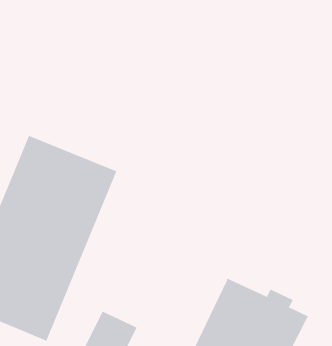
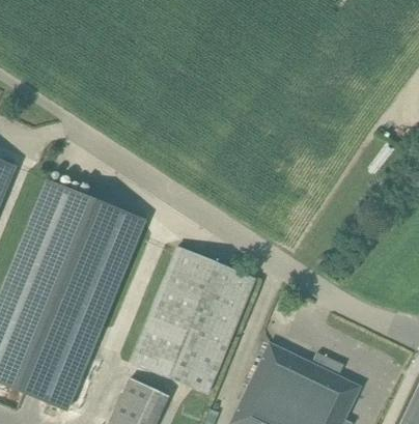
building: none -> [129,246,255,394]

